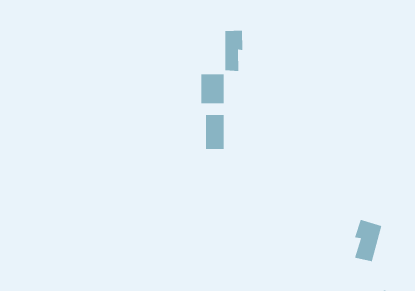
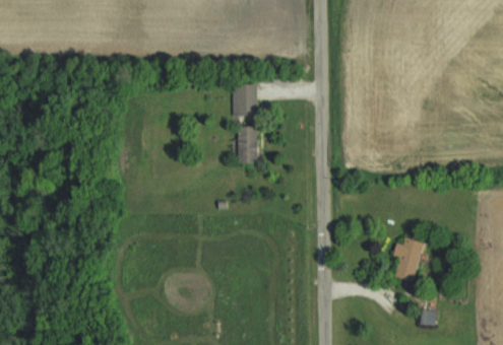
building: [225,30,243,72] -> none

